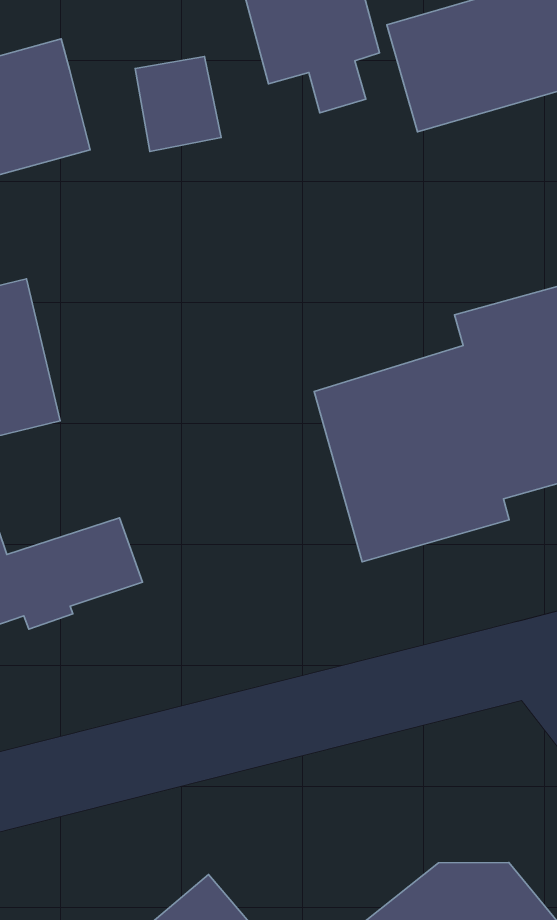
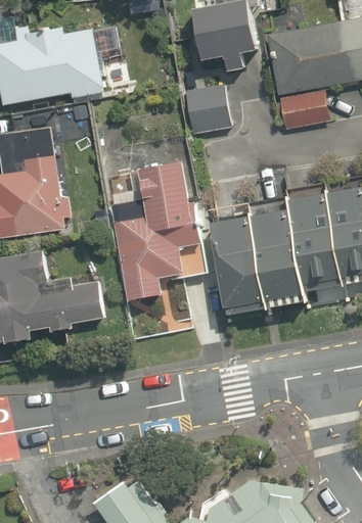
building: [135,57,221,151] -> [184,85,226,132]
building: none -> [279,90,327,130]
building: none -> [117,165,208,299]

